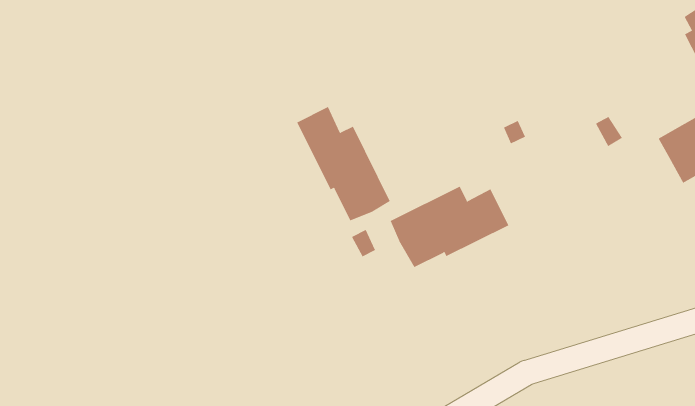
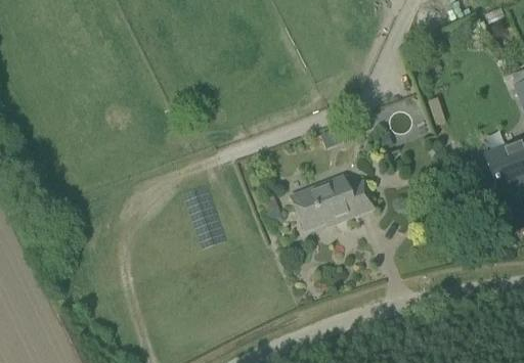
building: [297,106,391,221] -> none

